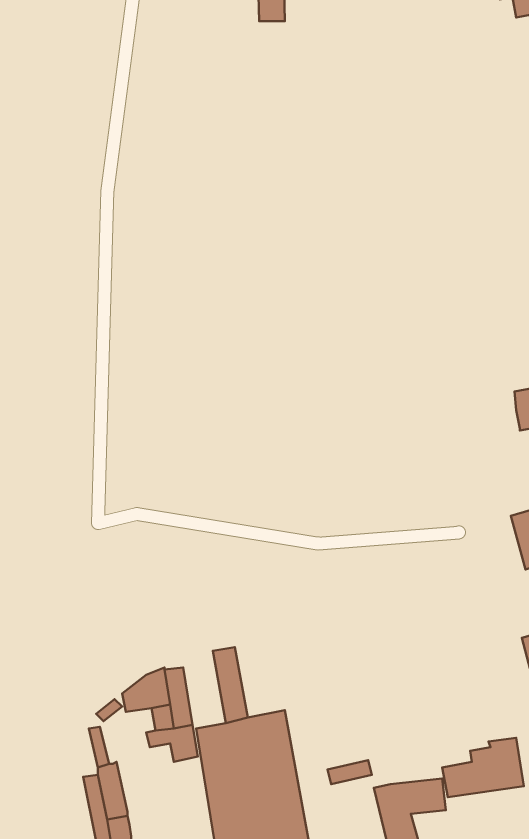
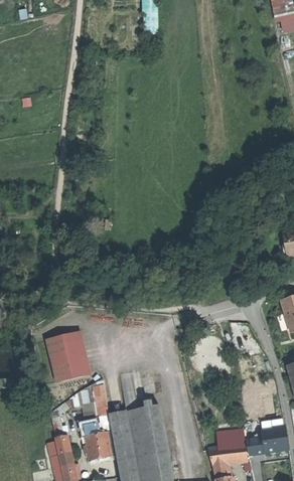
building: none -> [45,333,87,383]
building: none -> [85,426,117,462]
building: none -> [215,430,245,448]

